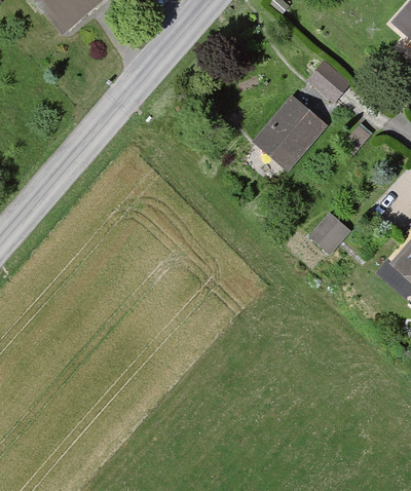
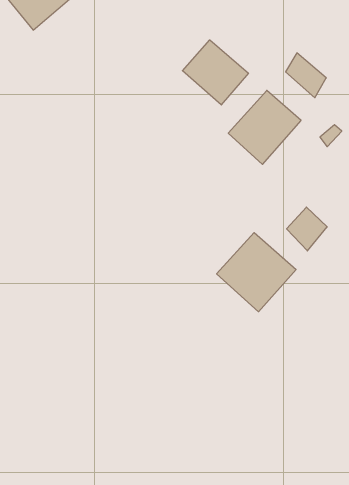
building: none -> [182,40,248,105]
building: none -> [217,233,296,312]

